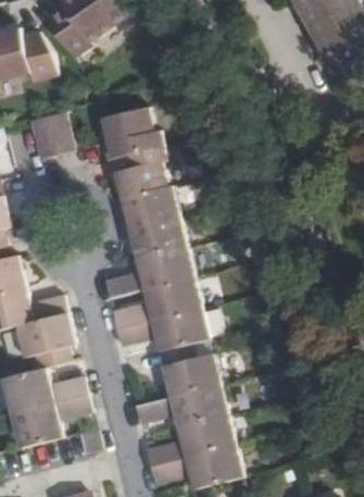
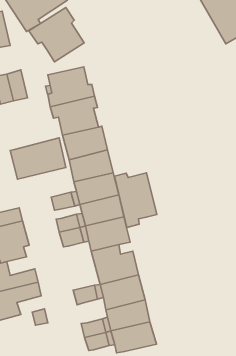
building: none -> [29,8,84,62]
building: none -> [10,138,66,179]
building: none -> [114,173,157,228]

